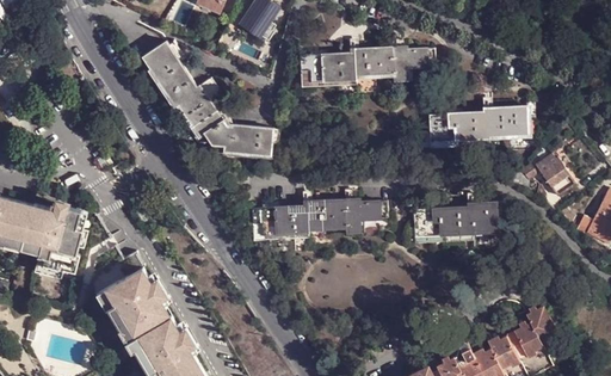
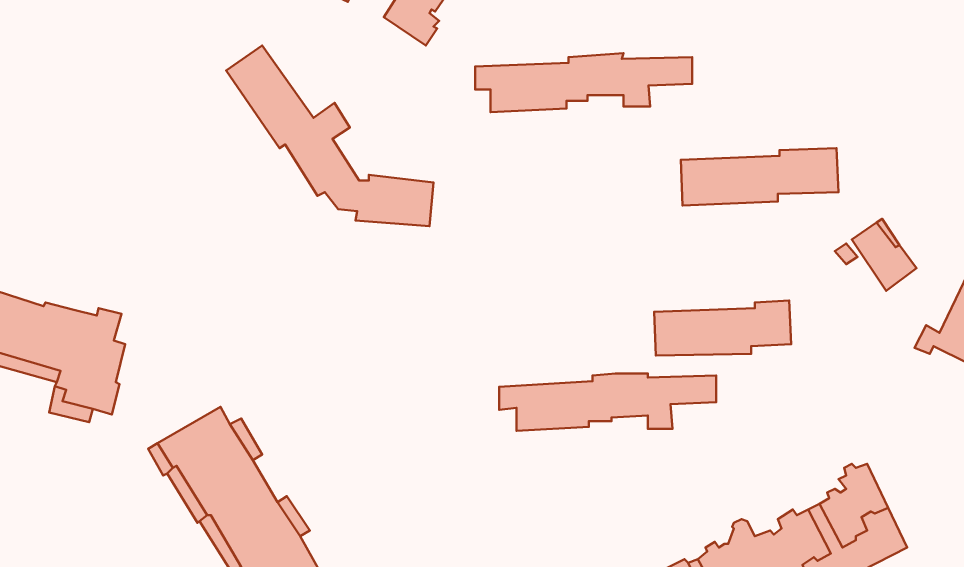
building: [251,201,387,236] -> [499,374,716,431]

